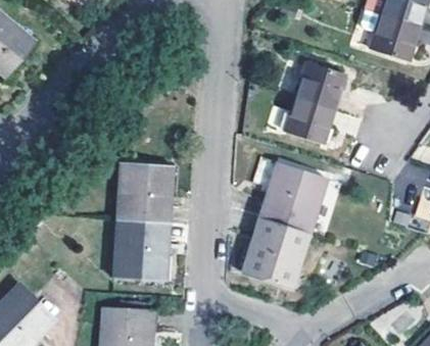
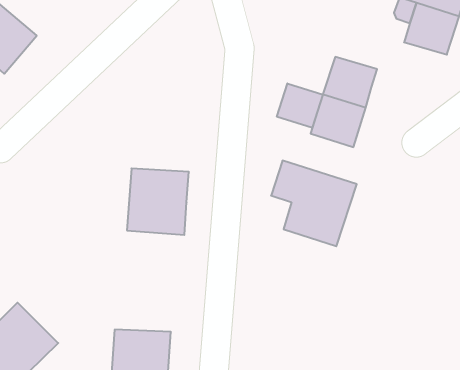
building: none -> [277,83,323,128]
building: [241,217,306,286] -> none
building: [112,218,169,281] -> none

